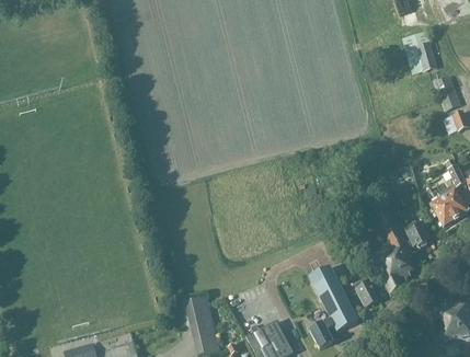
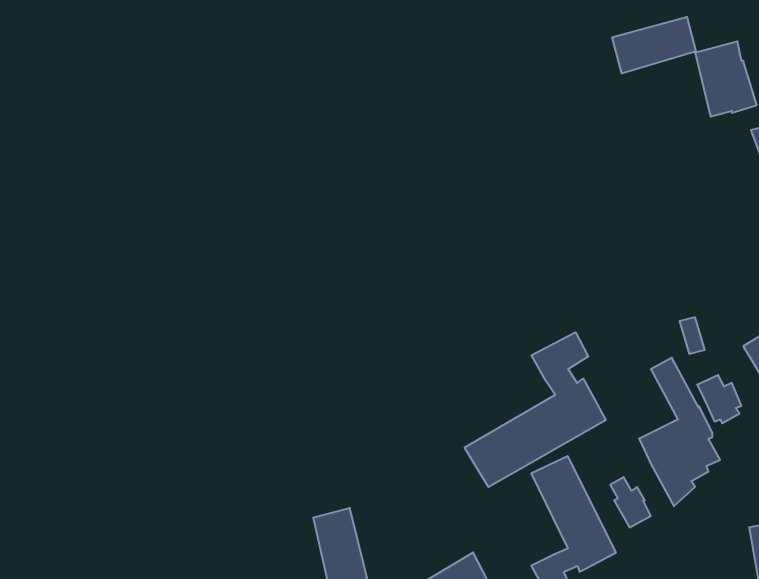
building: none -> [612,17,696,74]
building: none -> [465,332,606,487]

